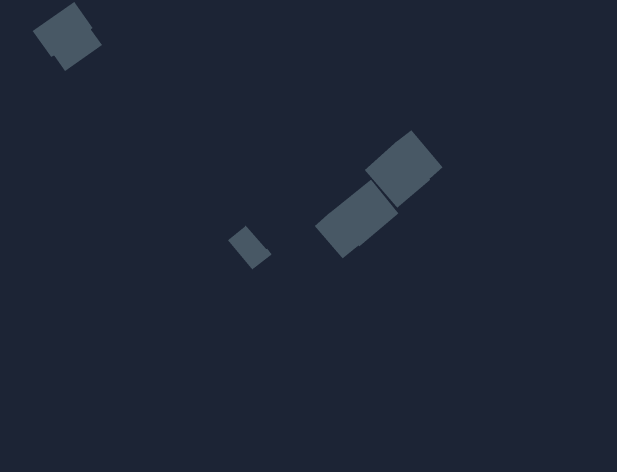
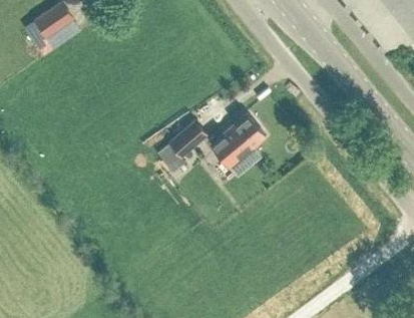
building: [364,129,443,209] -> none
building: none -> [169,118,210,157]

